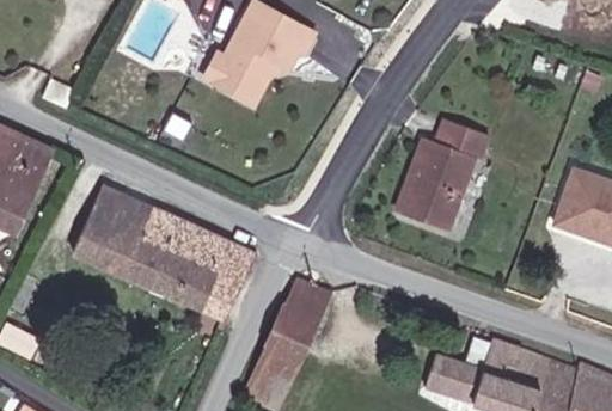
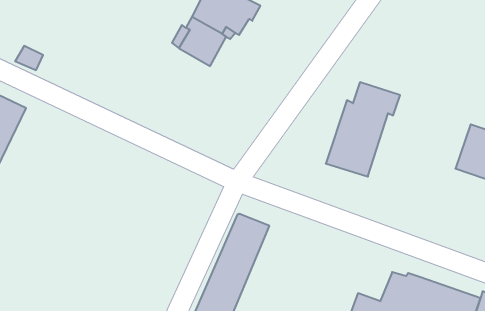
building: [73,188,245,314] -> none

